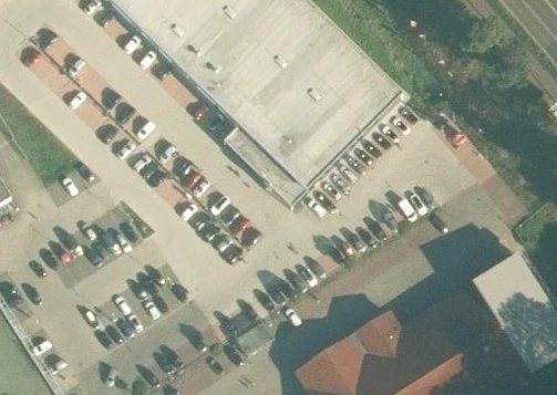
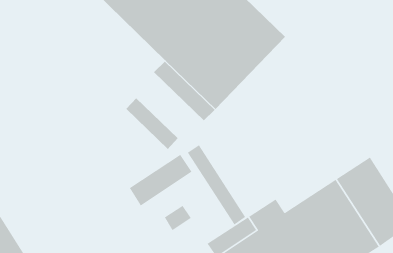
building: none -> [126,97,178,150]
building: none -> [187,144,246,226]
building: none -> [129,154,192,206]

